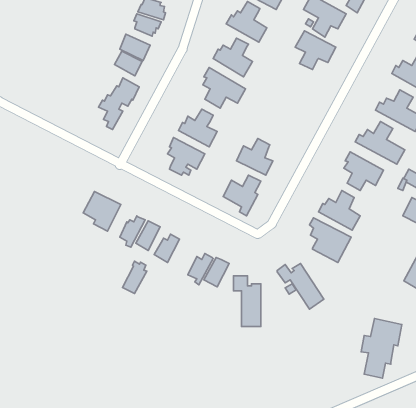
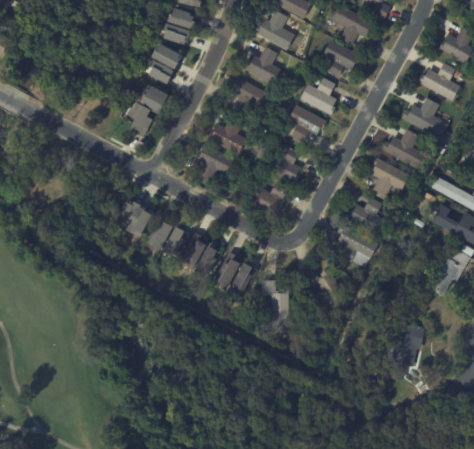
building: none -> [299,77,336,115]
building: none -> [287,105,325,142]
building: [122,261,147,294] -> [198,242,222,274]

